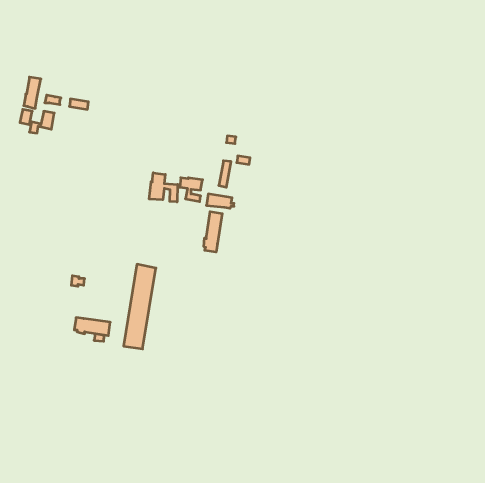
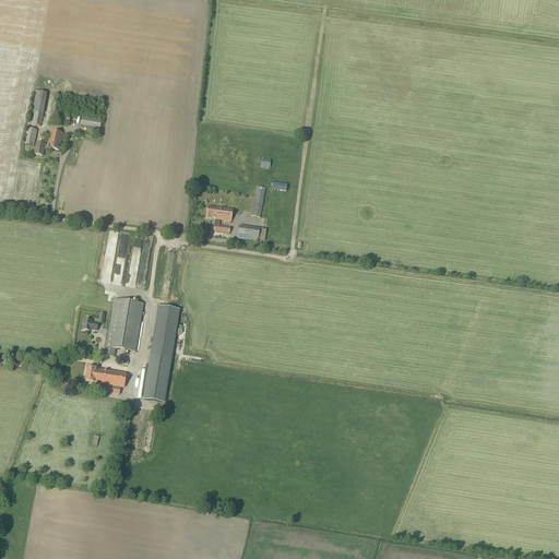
building: [149,173,178,202] -> none
building: [204,212,222,252] -> none
building: none -> [105,296,144,355]

